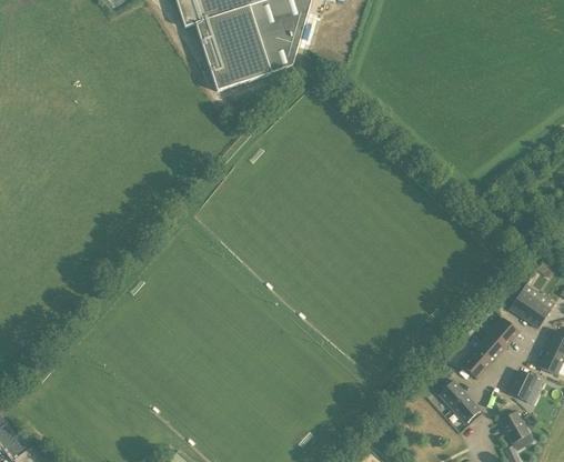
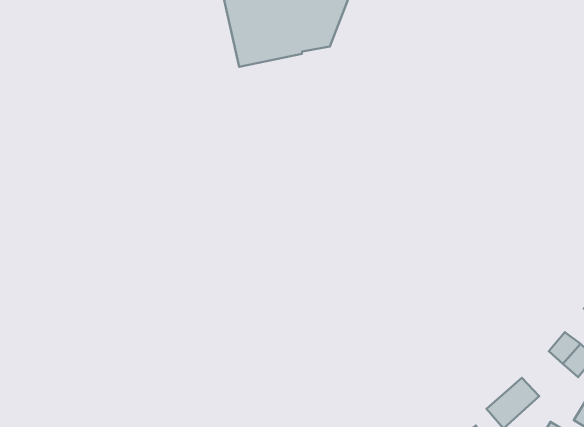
building: [490,318,520,348] -> none

